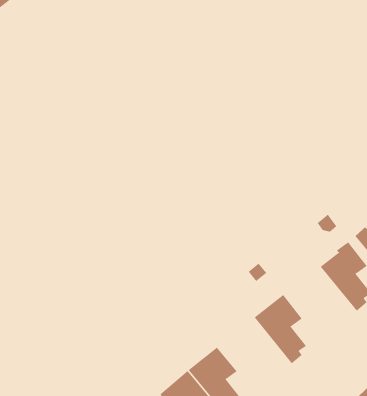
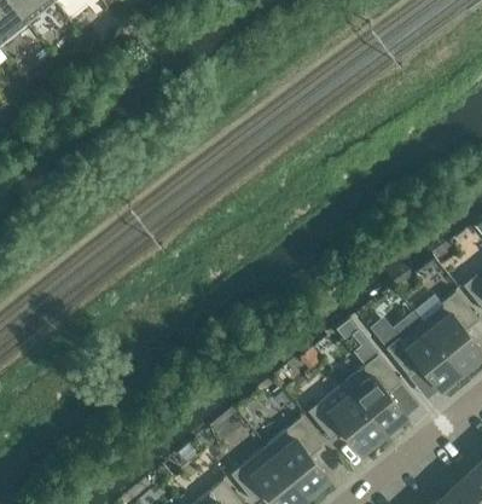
building: none -> [385,321,465,389]
building: none -> [308,382,388,452]

